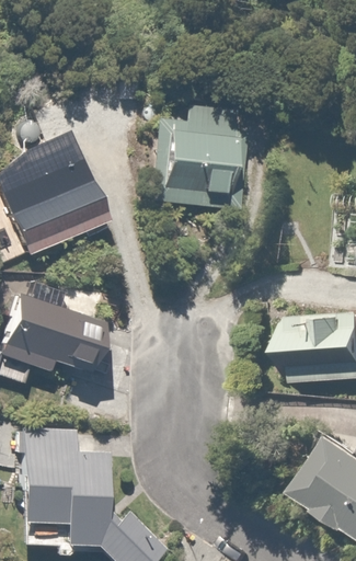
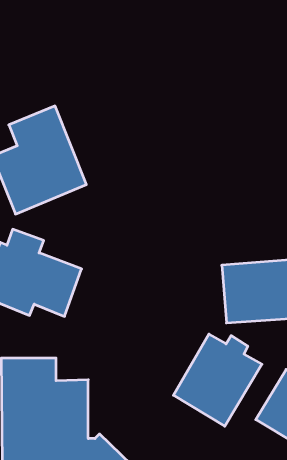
building: [156,105,242,209] -> none
building: none -> [173,334,262,426]

